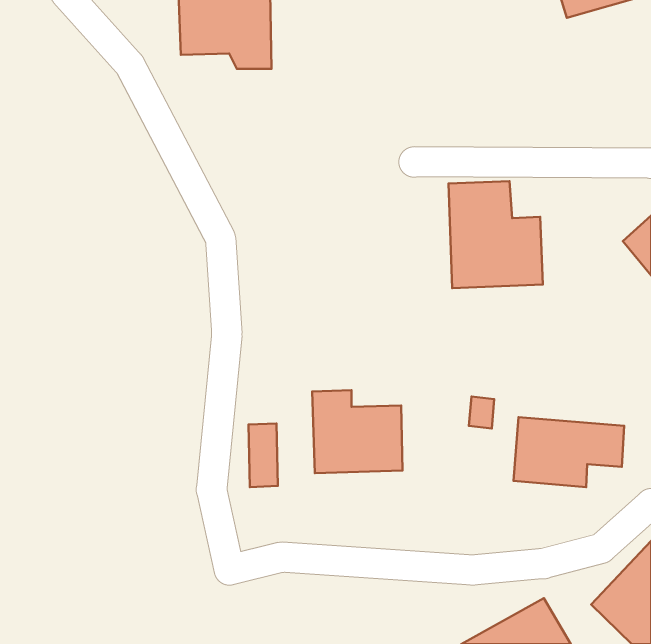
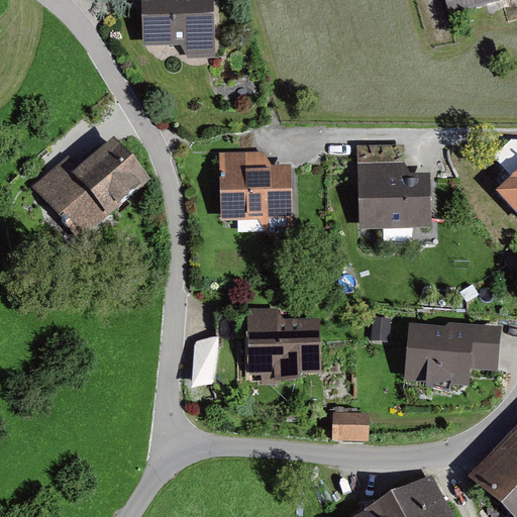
building: none -> [28,140,145,241]
building: none -> [218,149,290,232]
building: none -> [332,405,370,437]

